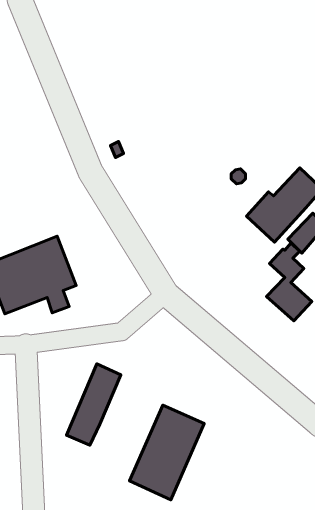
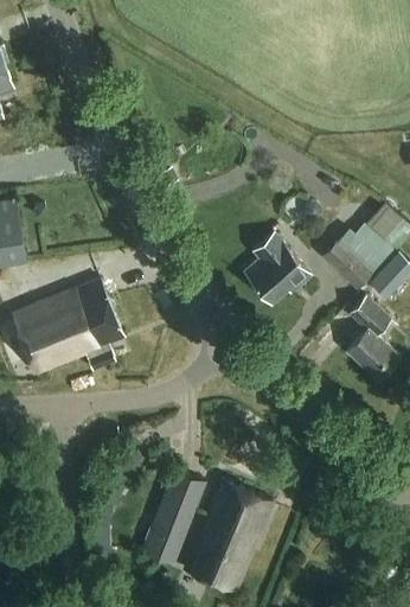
building: none -> [243,231,308,301]
building: [67,364,121,445] -> [142,468,206,564]

